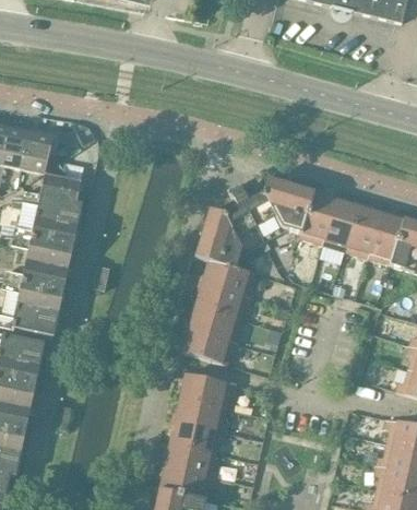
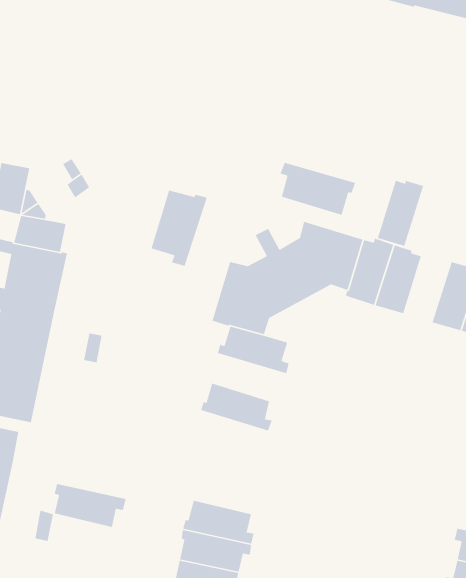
building: none -> [279,162,356,216]
building: none -> [151,190,208,267]
building: [345,205,382,258] -> [377,180,424,247]
building: [194,282,253,319] -> none
building: [181,327,239,365] -> none
building: [180,372,237,407] -> [54,483,126,528]

